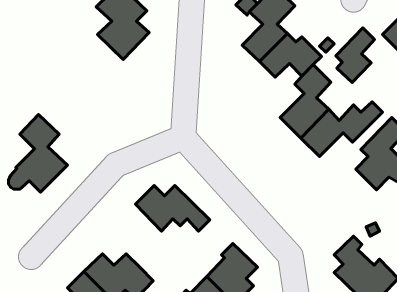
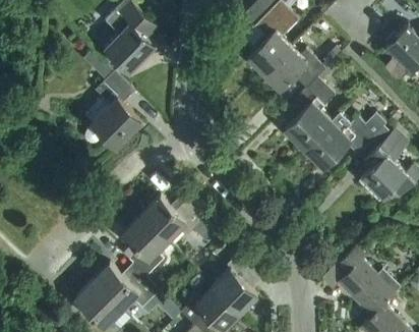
building: [336,28,375,83] -> none
building: [9,115,67,192] -> [84,71,142,148]
building: none -> [123,215,168,277]

